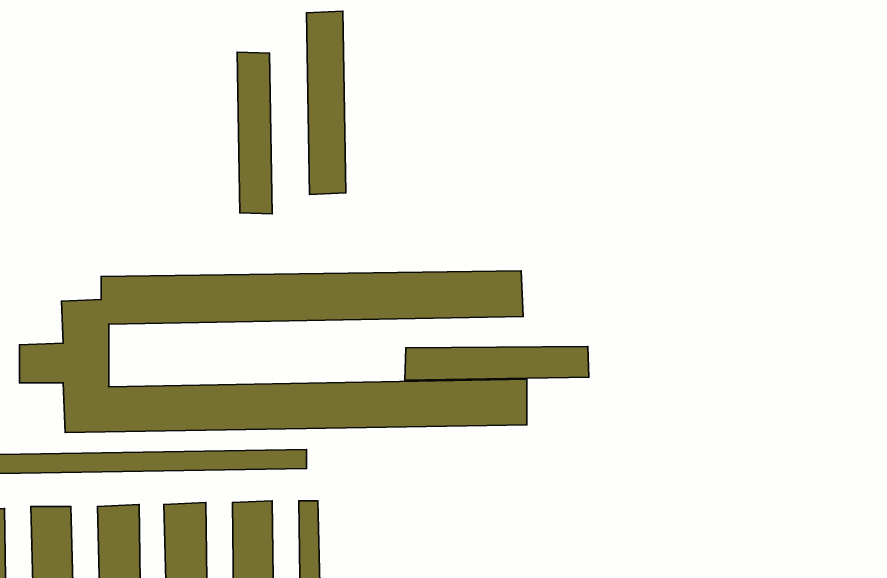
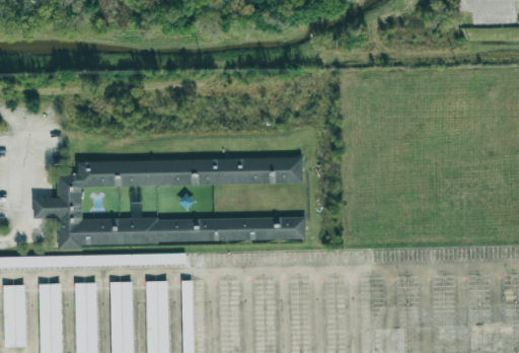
building: [306,11,346,195] -> none
building: [237,52,272,214] -> none
building: [405,346,589,380] -> none

